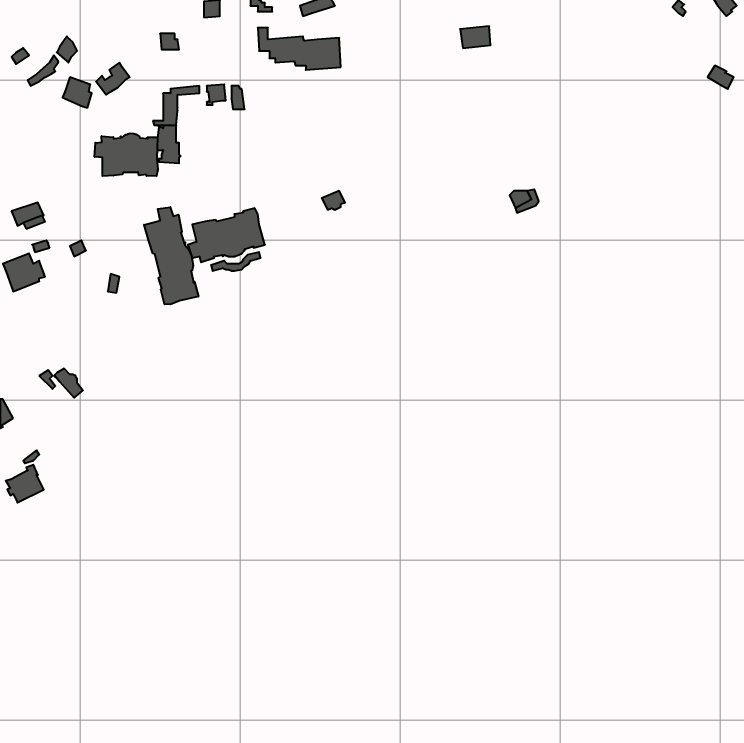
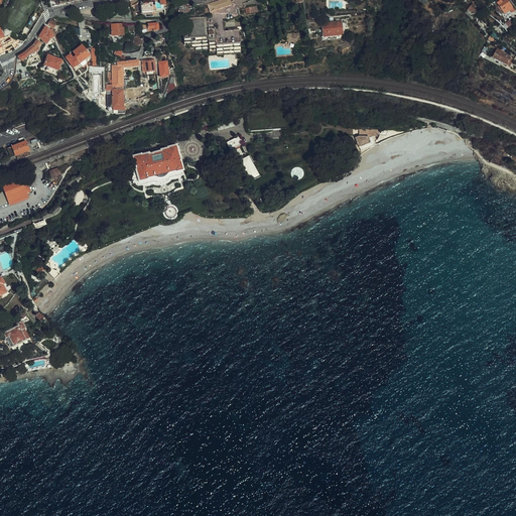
building: [95,133,158,176] -> none
building: [144,207,198,304] -> none

